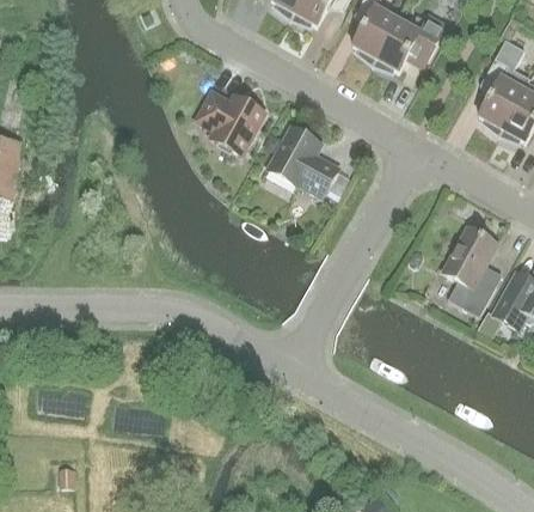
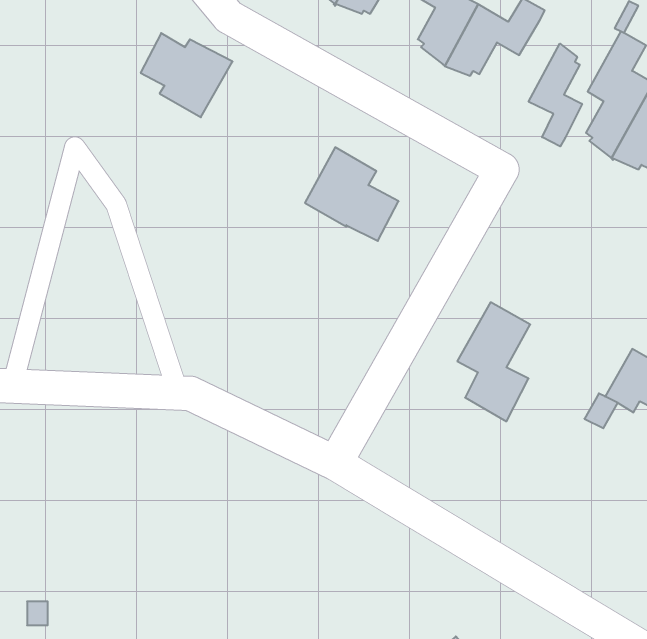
building: none -> [529,44,582,146]
building: [196,90,265,153] -> [141,33,233,117]
building: [442,226,497,316] -> [457,302,530,421]

